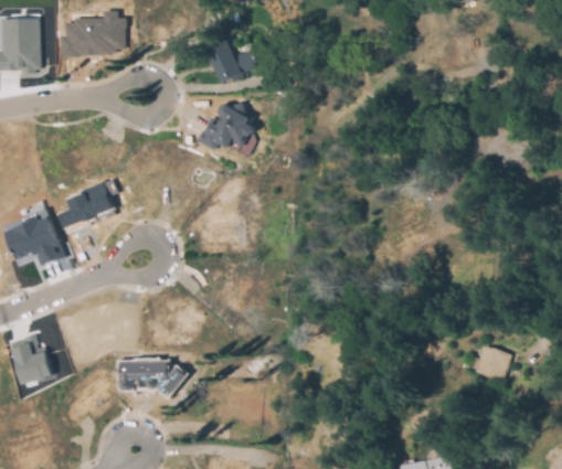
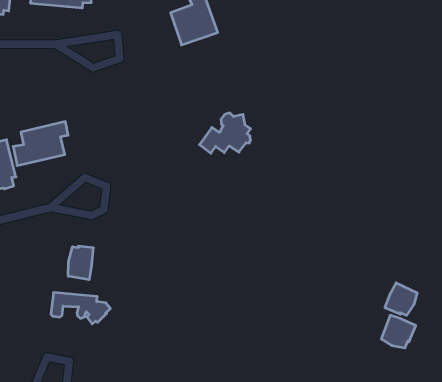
building: [200,102,254,147] -> [199,113,251,153]
building: none -> [68,246,93,280]
building: none -> [385,283,417,315]

